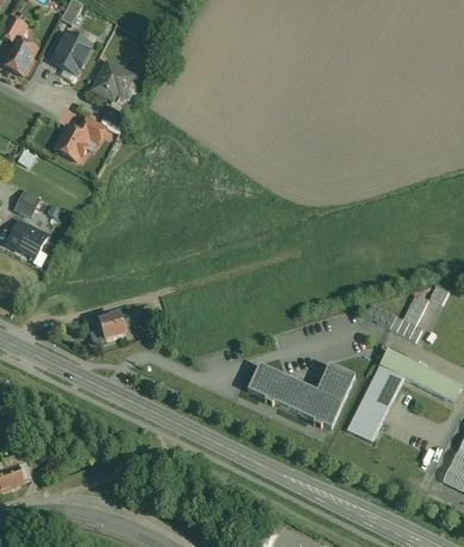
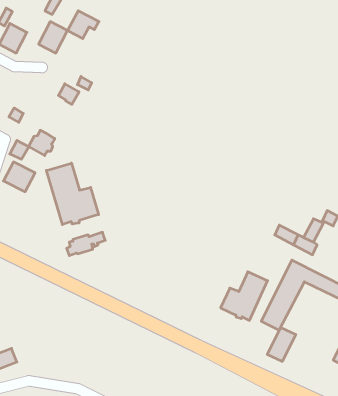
building: [93,61,134,98] -> [67,11,99,39]
building: [55,125,89,158] -> [28,130,55,156]
building: none -> [46,163,99,225]
building: [247,363,306,410] -> none
building: none -> [267,327,296,361]

